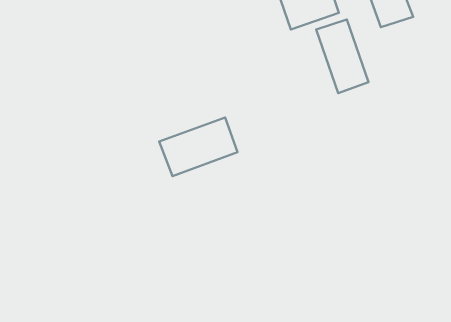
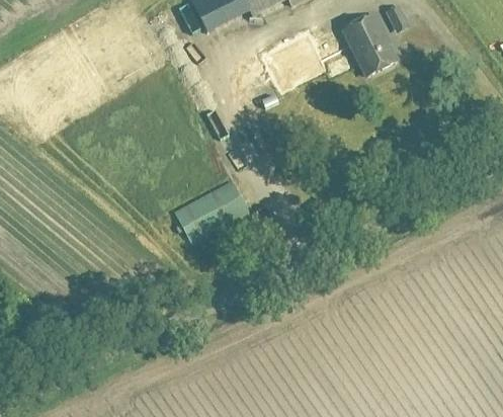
building: [316,20,368,93] -> none

